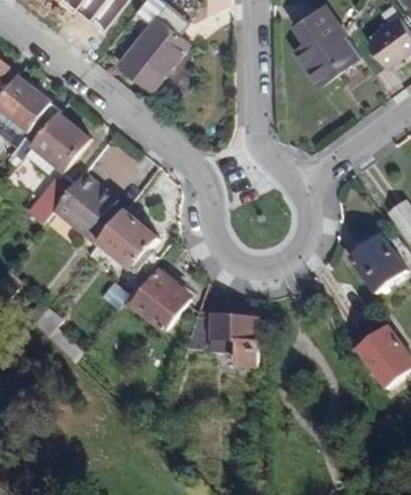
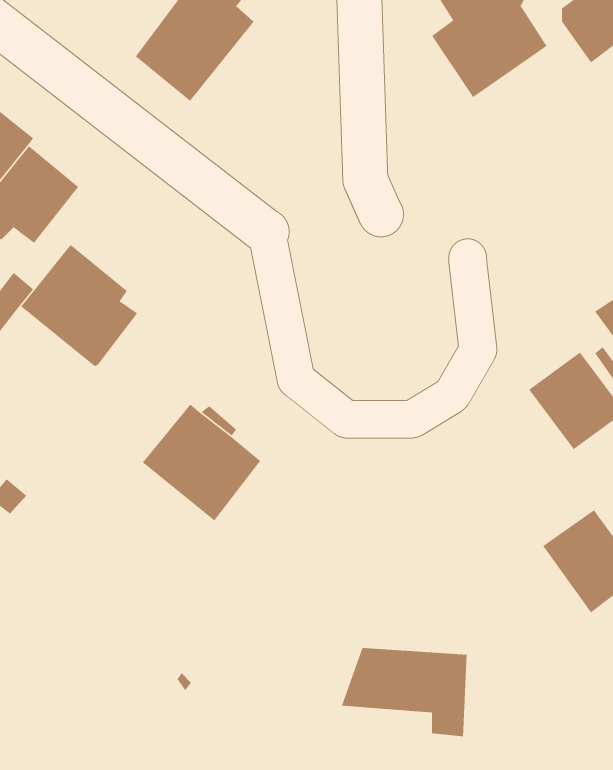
building: [99,211,160,271] -> none
building: [185,314,259,367] -> [341,647,467,737]

